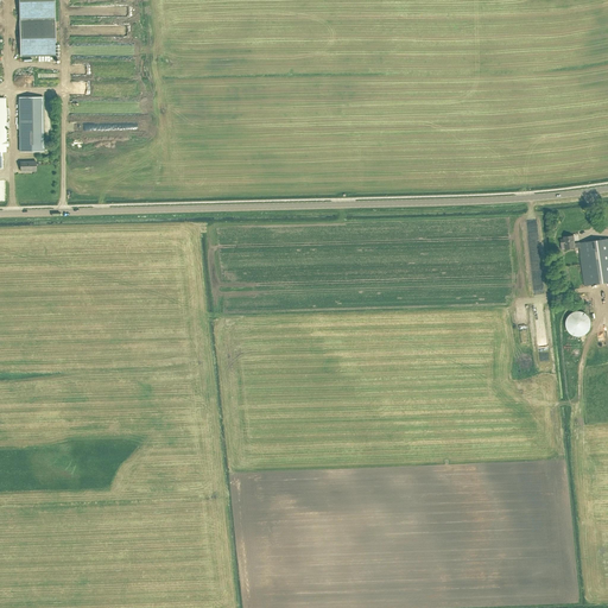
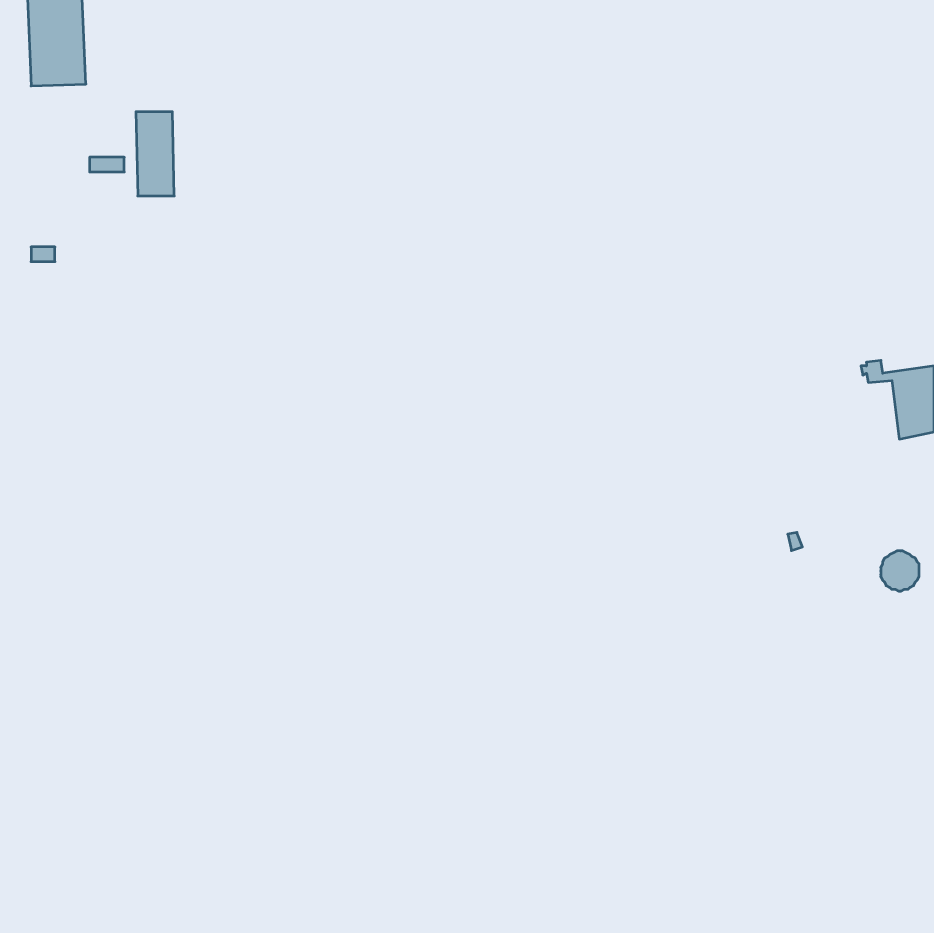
building: [19,96,44,151] -> [136,112,174,196]
building: [565,310,590,336] -> [881,551,919,591]

